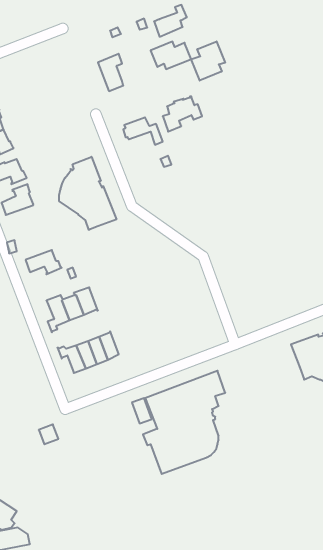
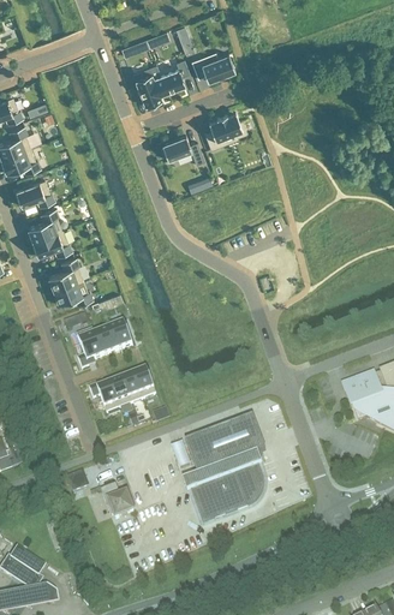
building: [154,5,187,37] -> [154,60,190,95]
building: [191,41,225,81] -> none
building: [59,157,116,230] -> none
building: none -> [32,229,73,257]
building: none -> [48,257,83,291]
building: none -> [102,484,135,519]

